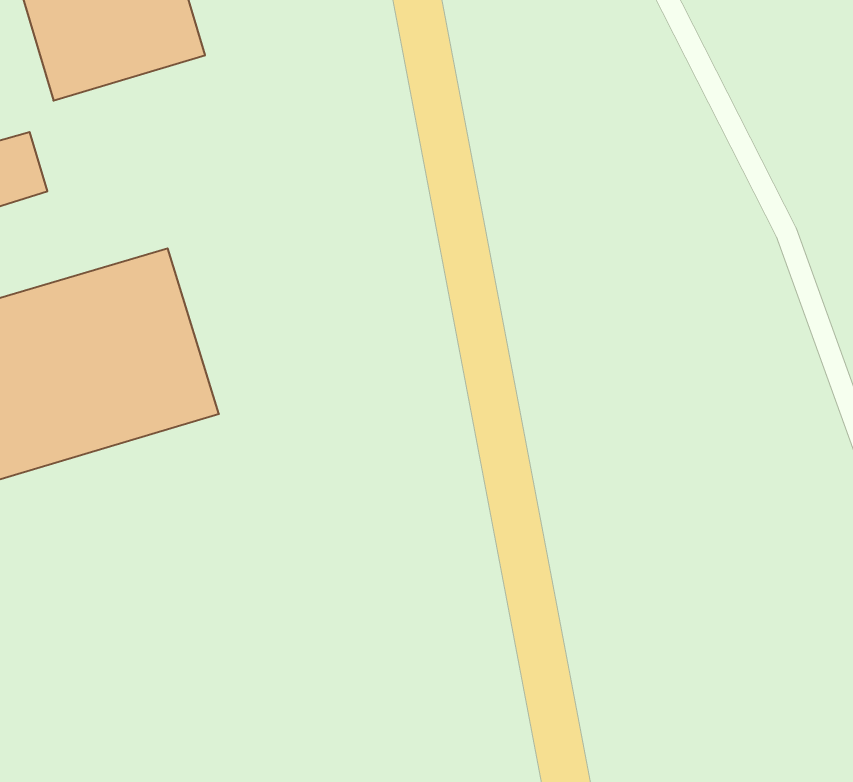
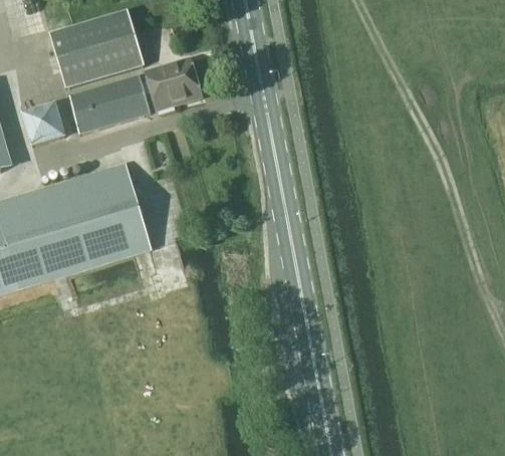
building: none -> [148,58,203,109]
building: none -> [67,73,152,133]

